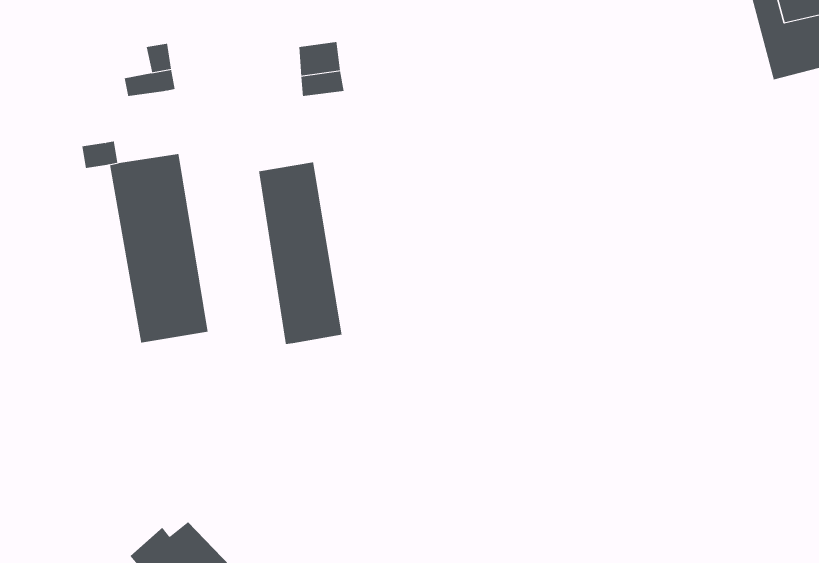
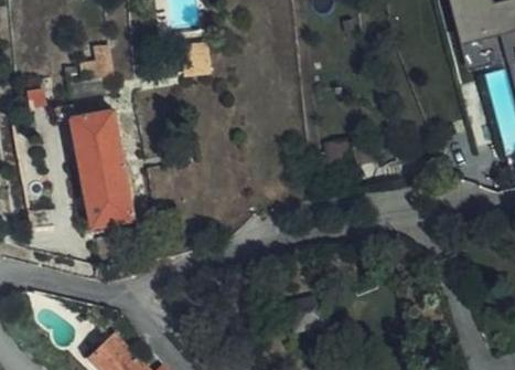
building: [258,162,342,345] -> none

